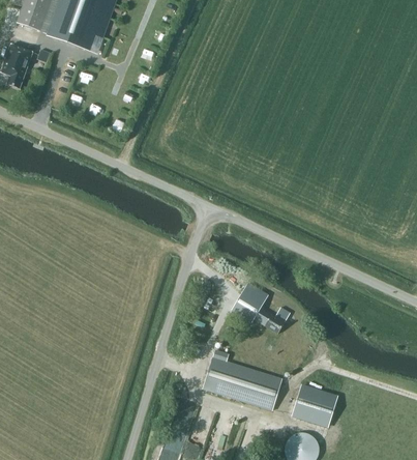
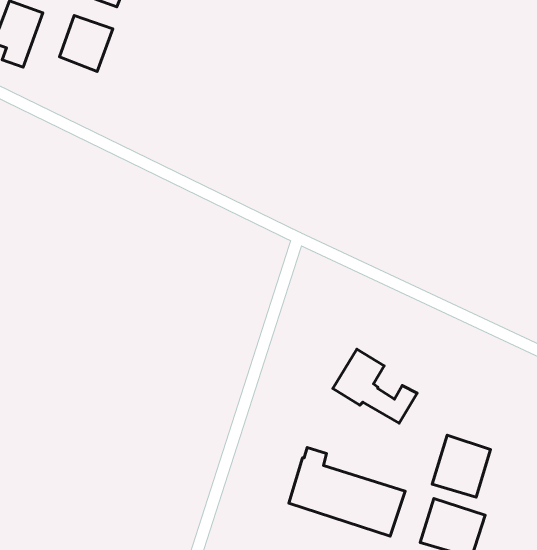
building: none -> [60,16,113,71]
building: none -> [432,435,490,497]

